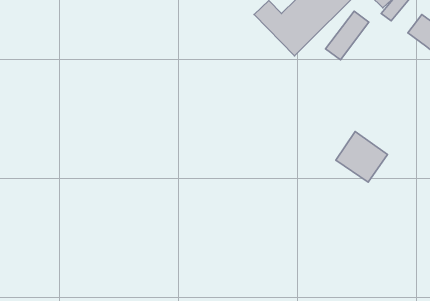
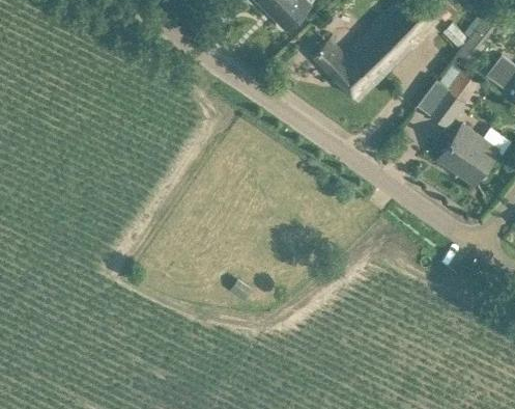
building: [326,11,369,60] -> [429,72,478,127]
building: [336,132,388,182] -> [439,126,497,183]

